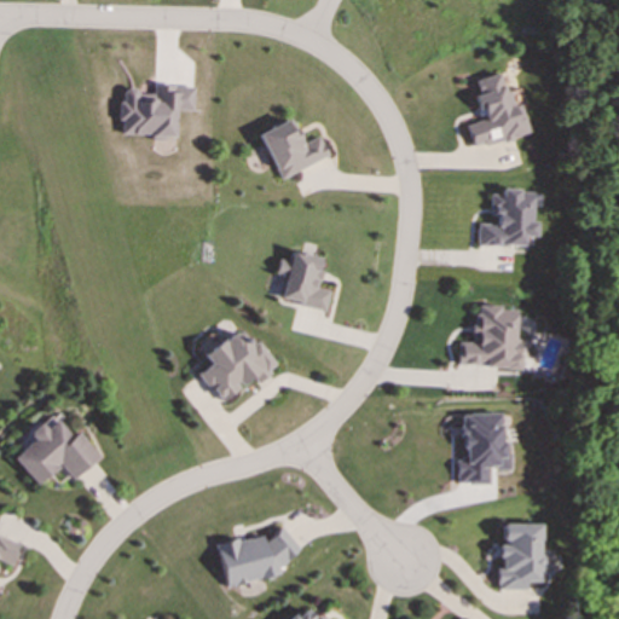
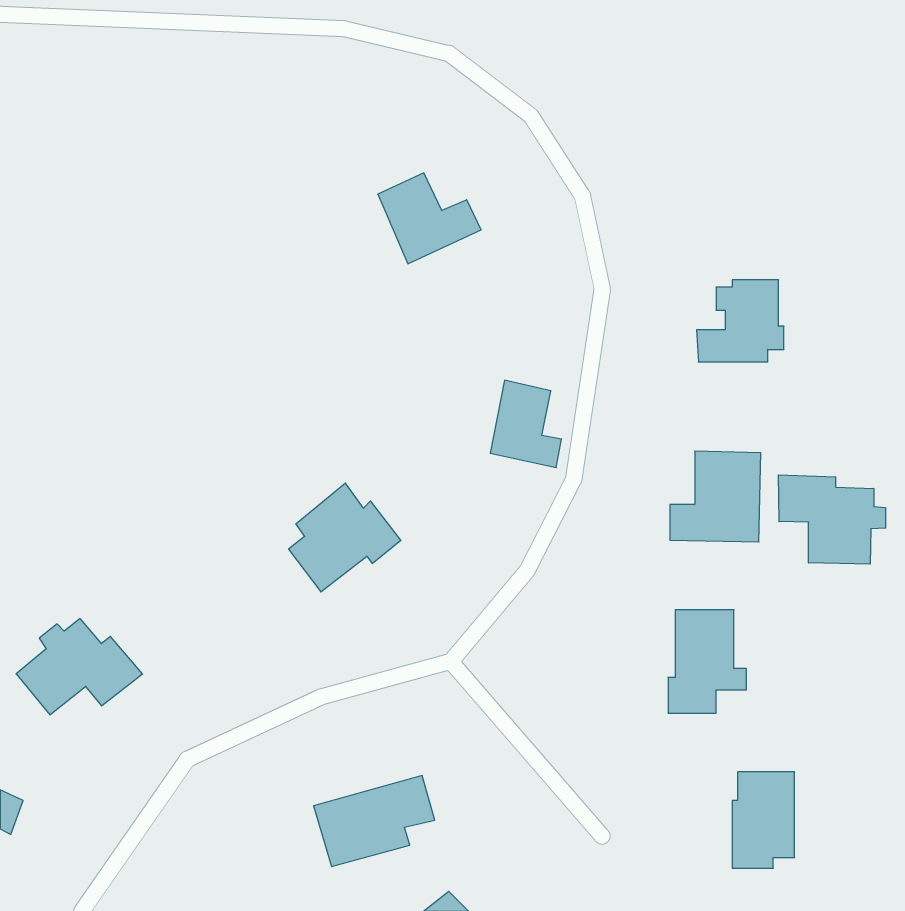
building: [465,73,530,149] -> none
building: [121,85,195,137] -> none
building: [282,250,330,310] -> [490,380,562,468]
building: none -> [778,475,886,564]

